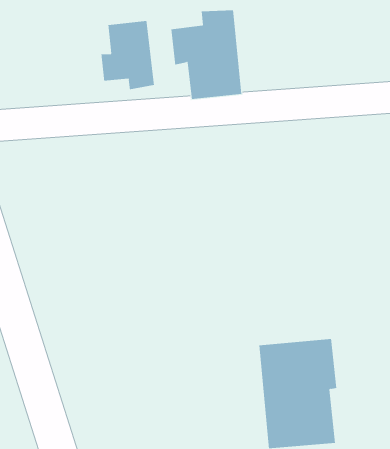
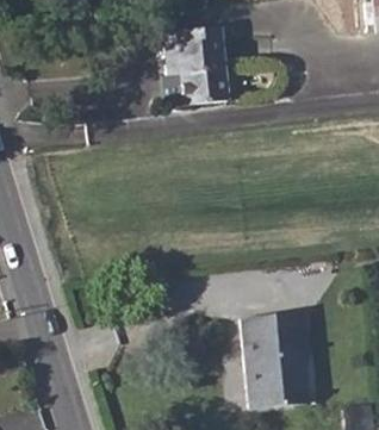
building: [101,20,155,90] -> none

